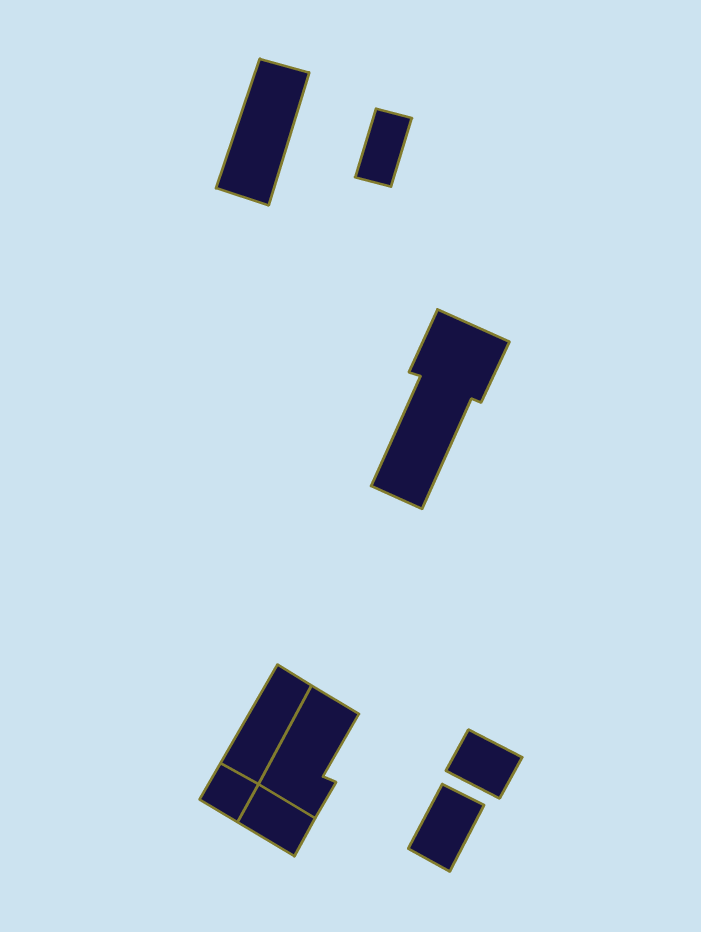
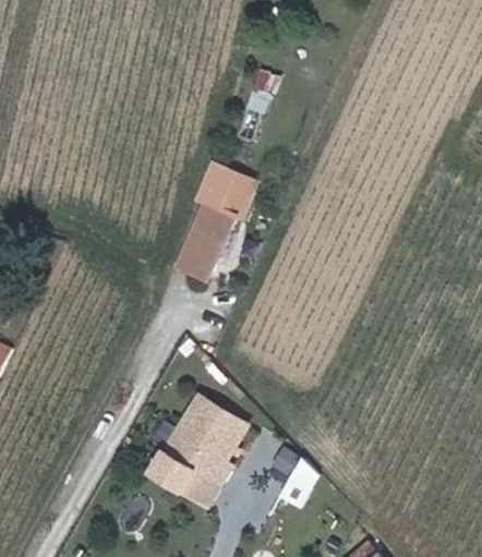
building: [216,59,309,205] -> none
building: [371,309,509,509] -> [169,168,249,282]
building: [446,730,522,798] -> none

